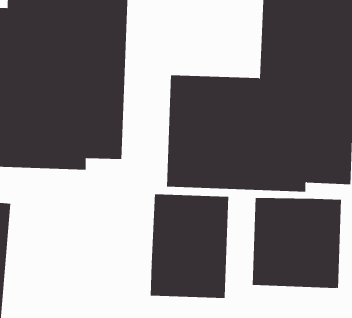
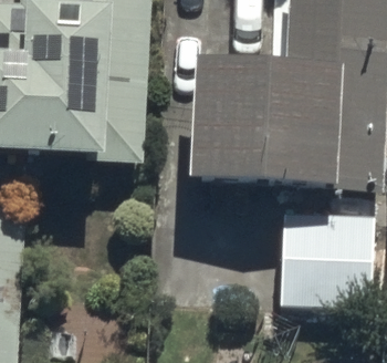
building: [150,193,229,299] -> none

